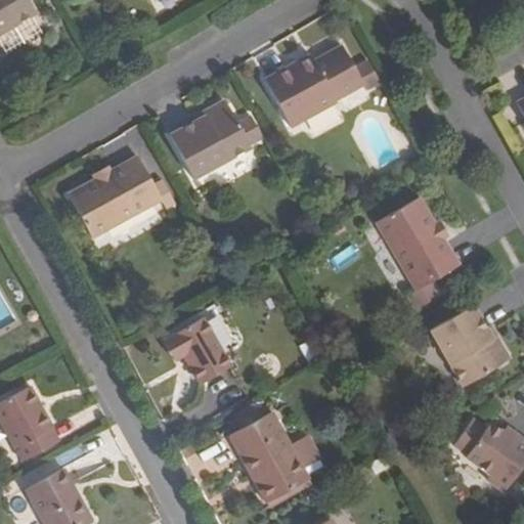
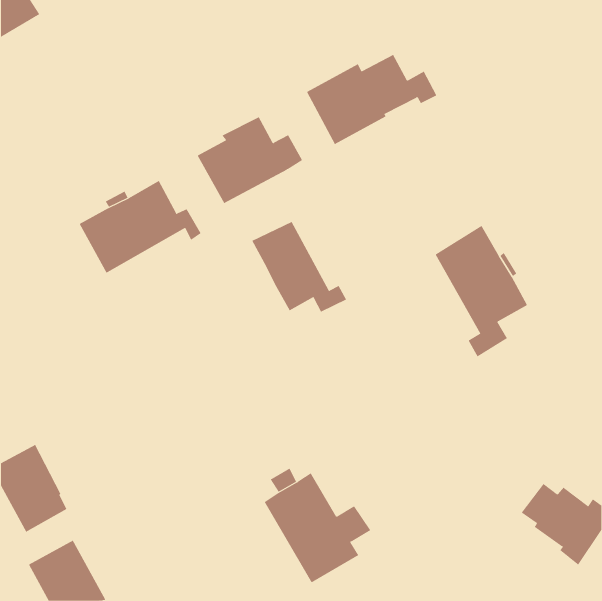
building: none -> [252,221,347,313]
building: [432,305,509,387] -> none
building: [166,318,230,385] -> none

